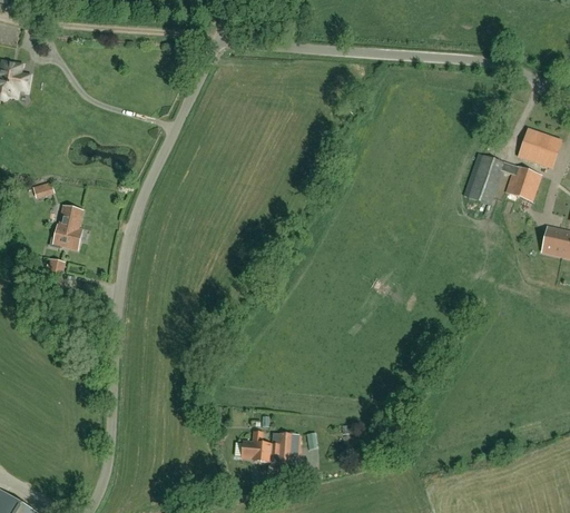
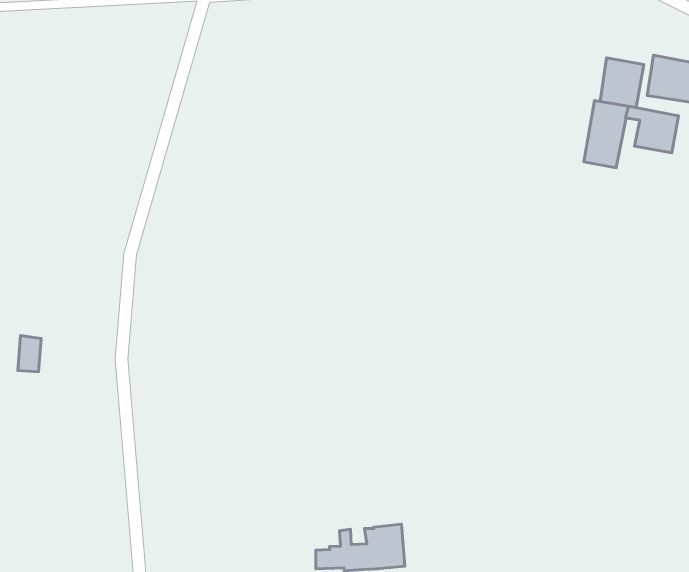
building: none -> [600,58,644,107]
building: [49,207,81,249] -> none

